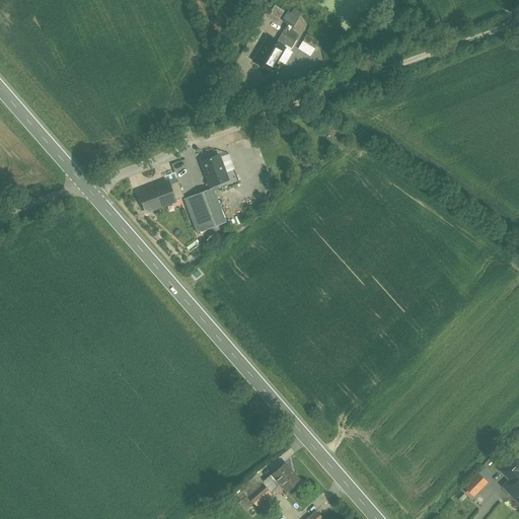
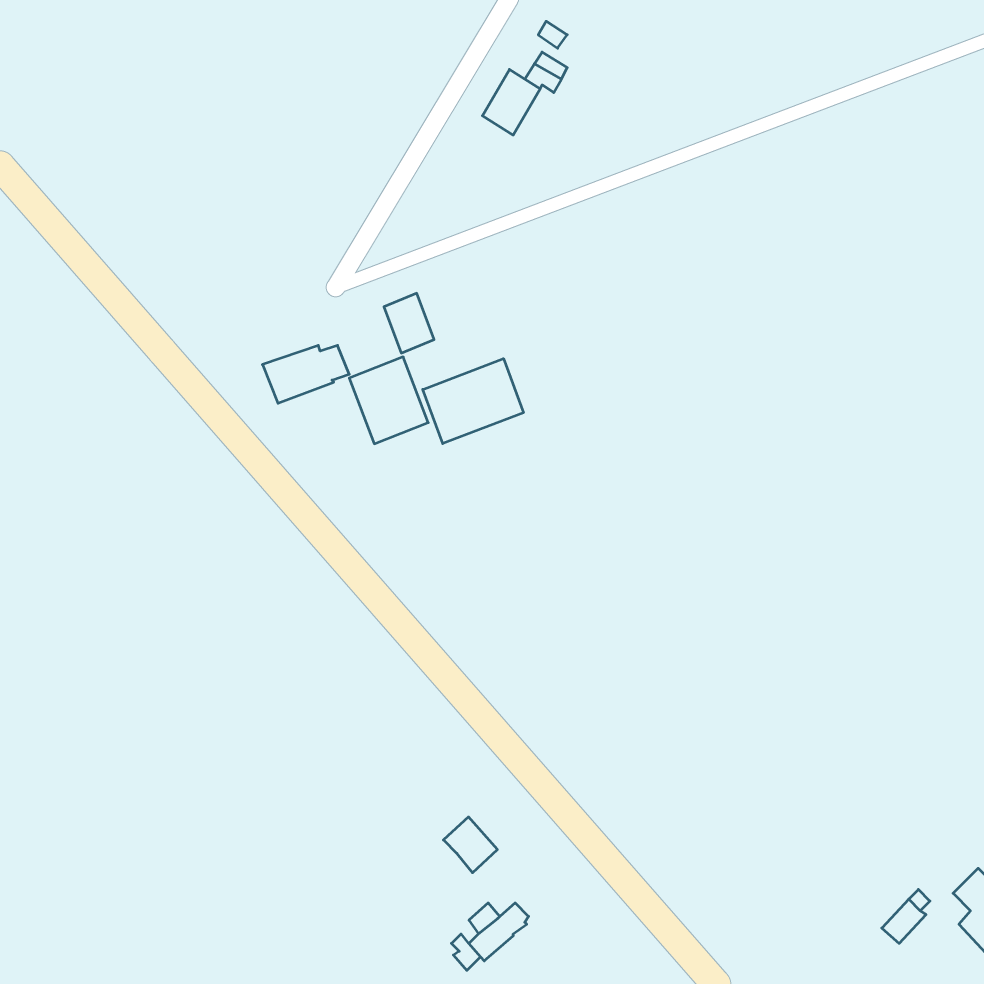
building: none -> [423,359,523,444]
building: [272,462,300,492] -> [443,817,497,873]

